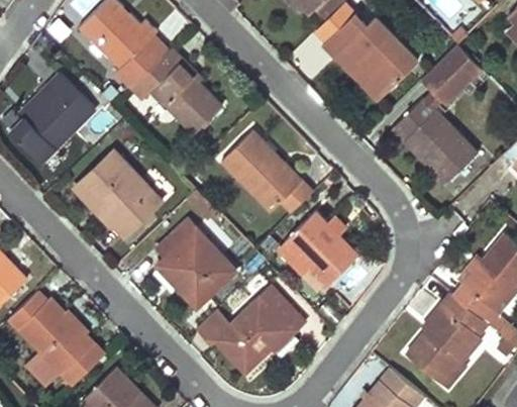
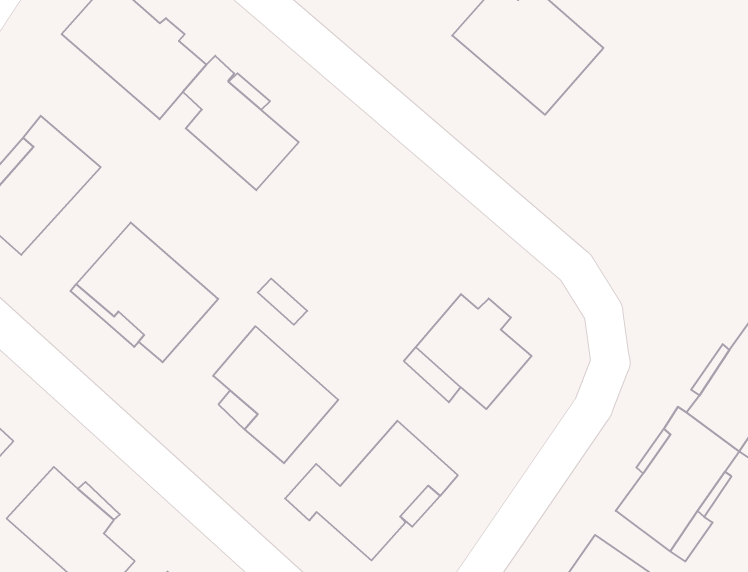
building: [421,44,481,104] -> none
building: [394,100,478,185] -> none
building: [222,132,313,214] -> none

